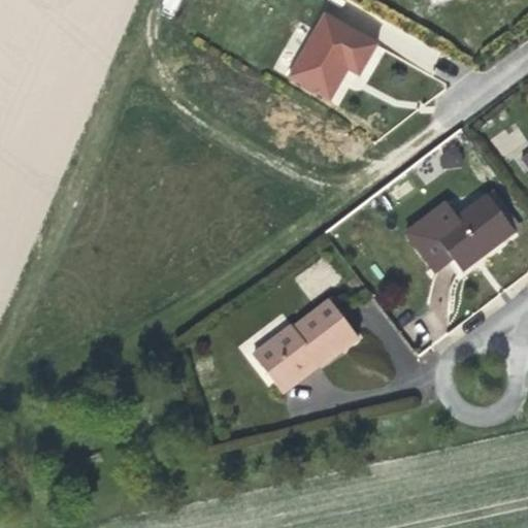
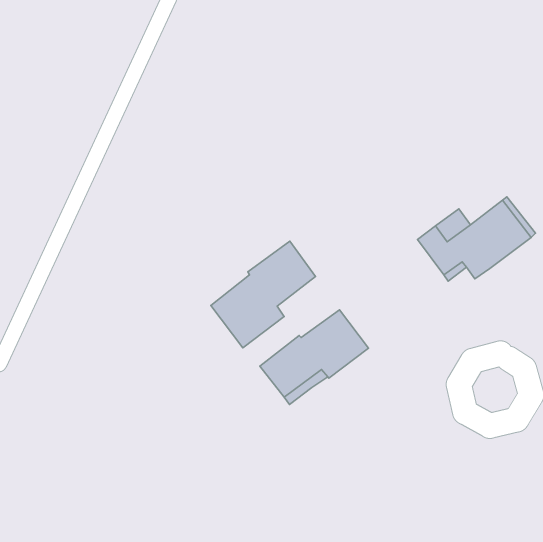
building: [288,13,376,100] -> none
building: none -> [211,241,316,348]

